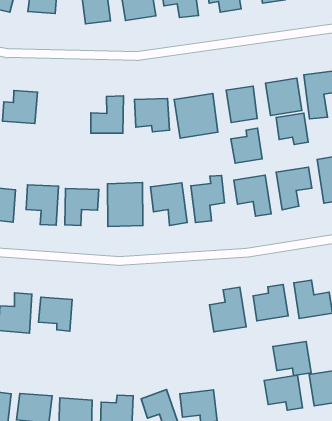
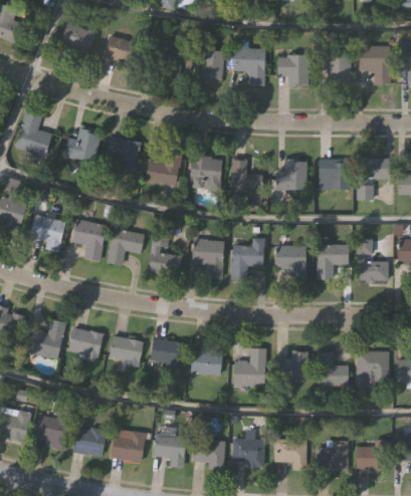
building: none -> [118,141,139,171]
building: [276,113,308,144] -> none
building: [231,128,262,163] -> none
building: none -> [192,344,221,375]
building: none -> [155,338,186,367]
building: none -> [110,335,145,364]
building: [273,341,311,375] -> [231,438,263,468]

